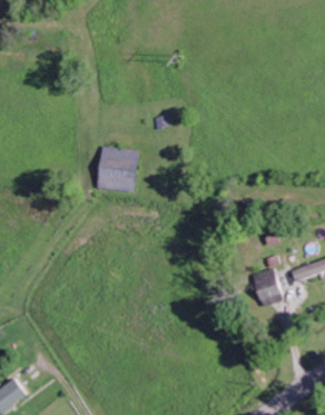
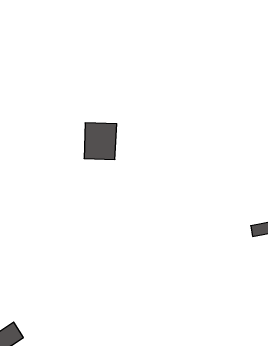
building: [252,267,284,306] -> none

